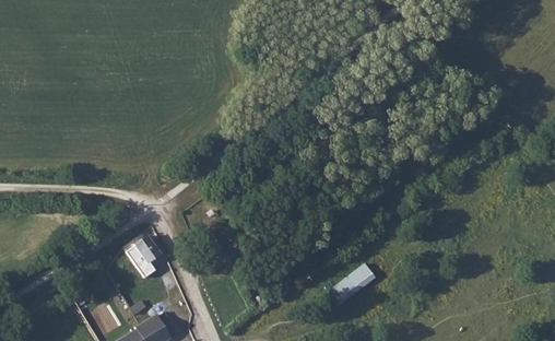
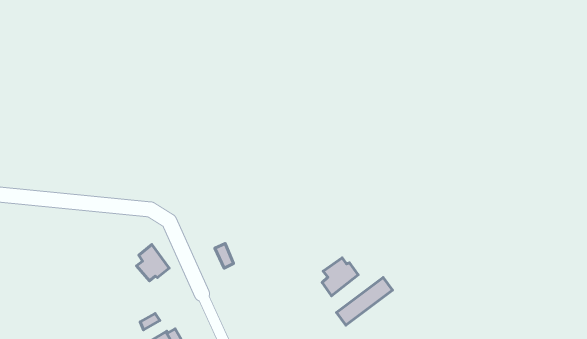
building: none -> [322,258,358,296]

